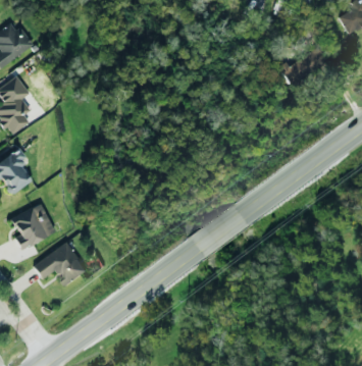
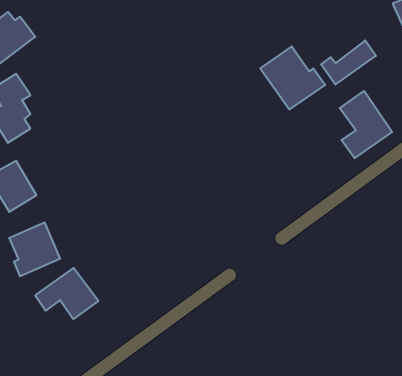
building: none -> [260,46,325,110]
building: none -> [340,91,392,158]

